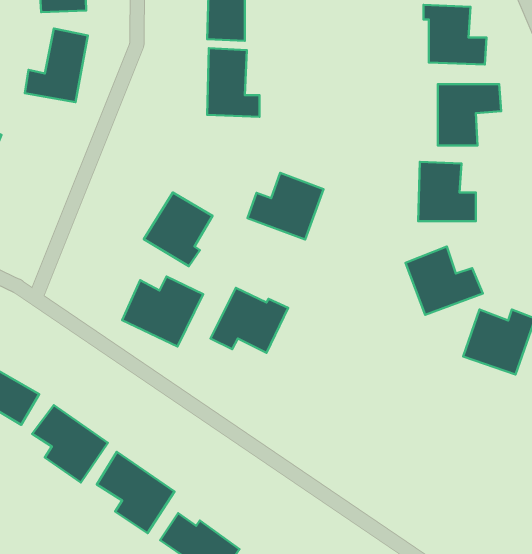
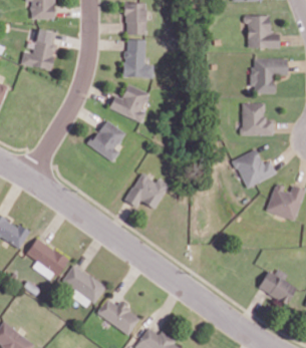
building: [248,173,323,240] -> [108,84,150,121]
building: [122,276,203,347] -> none
building: none -> [259,271,297,304]

